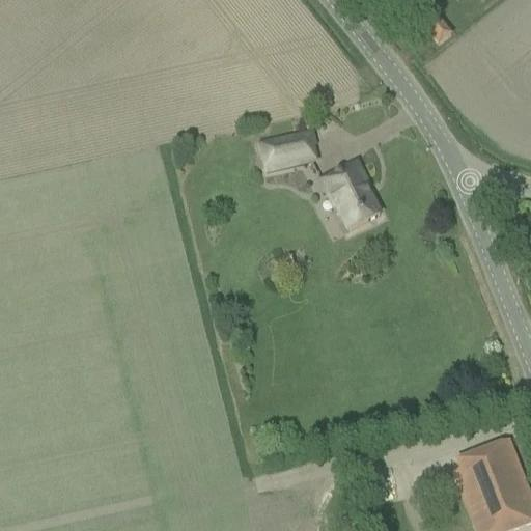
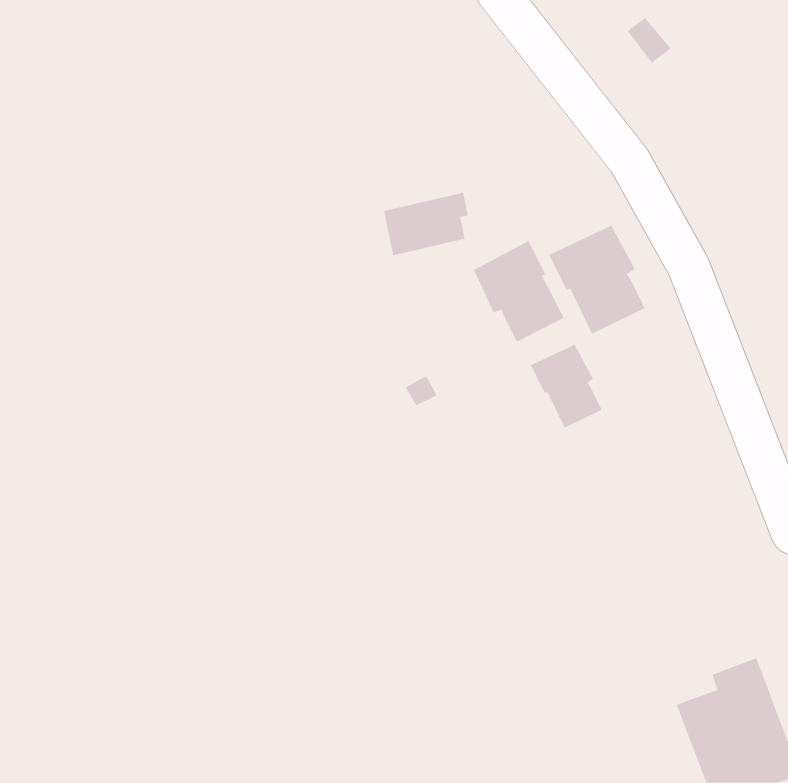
building: none -> [548,225,645,334]
building: none -> [530,344,603,429]

